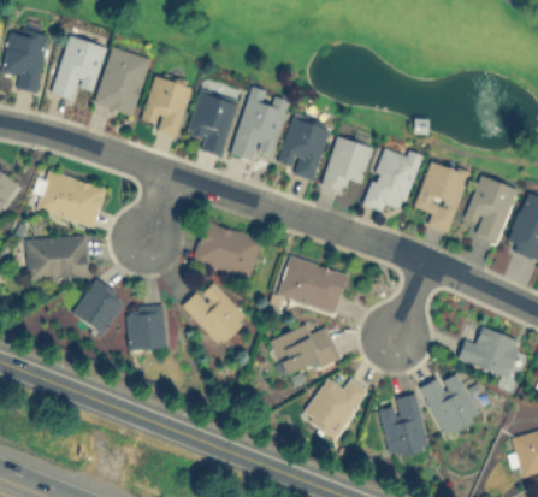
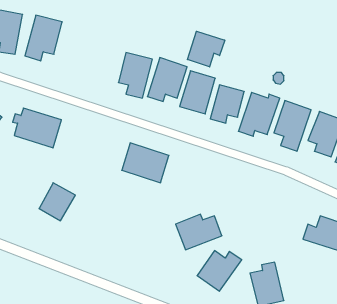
building: [95,48,152,117] -> none
building: none -> [187,31,225,67]
building: [141,76,191,136] -> none
building: [26,237,89,280] -> none
building: [278,256,347,313] -> none
building: [182,279,249,347] -> none
building: [129,307,165,351] -> none
building: [420,373,480,436] -> none

